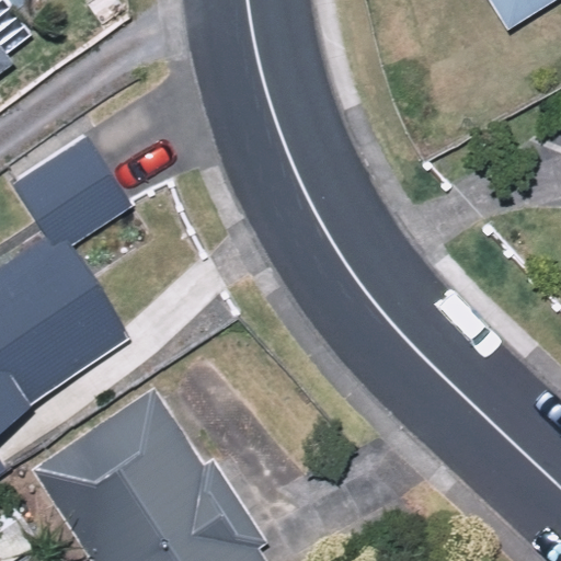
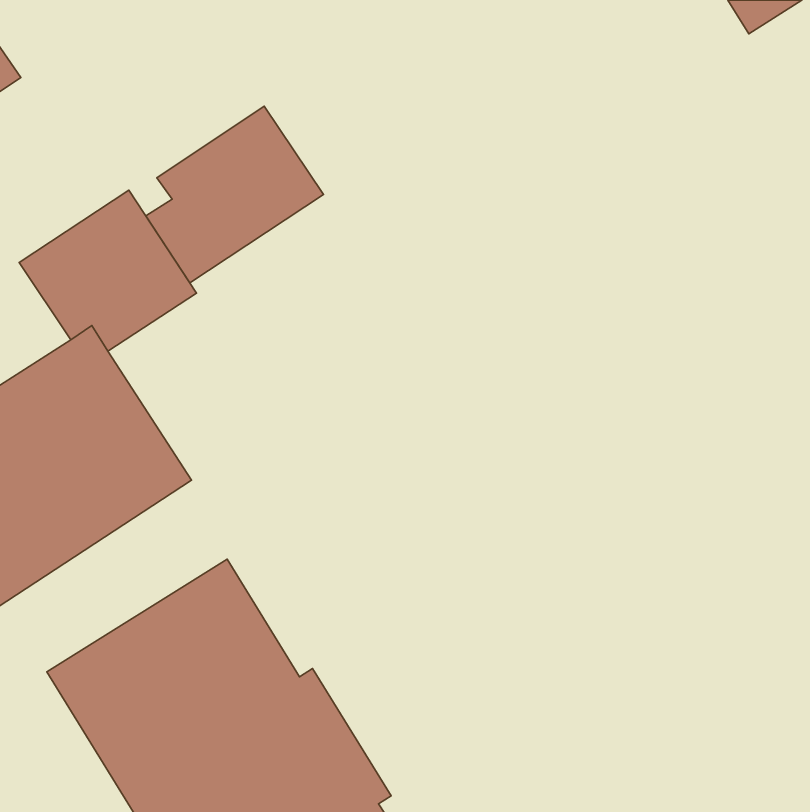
building: none -> [146,106,323,283]

